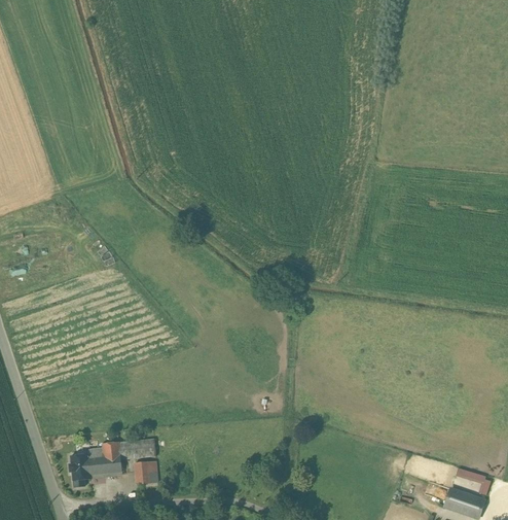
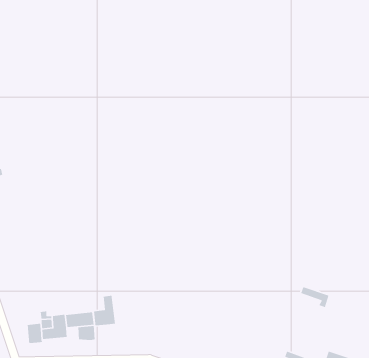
building: none -> [93,295,116,326]
building: [455,467,492,495] -> [300,286,330,308]

